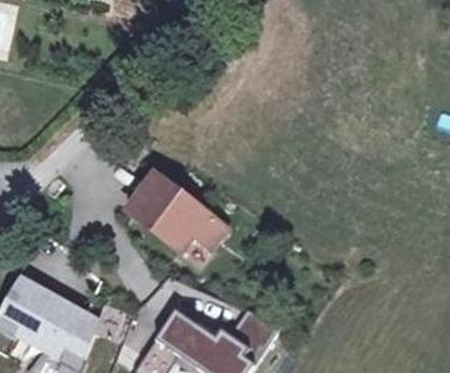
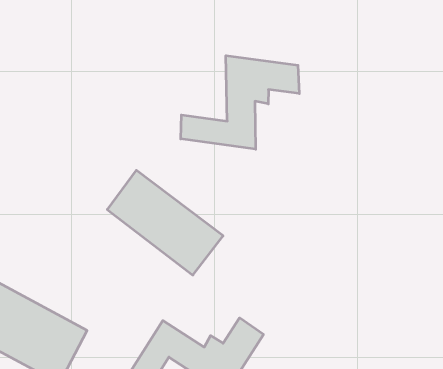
building: none -> [181,56,299,149]

